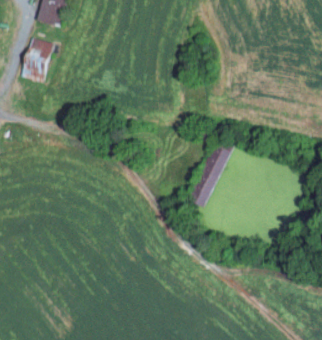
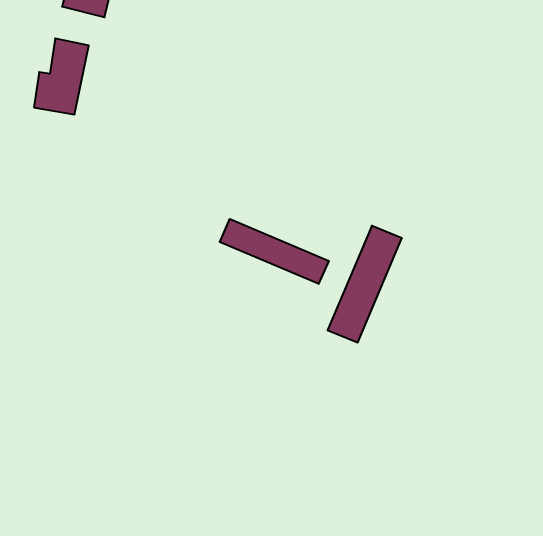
building: none -> [220,219,329,284]

